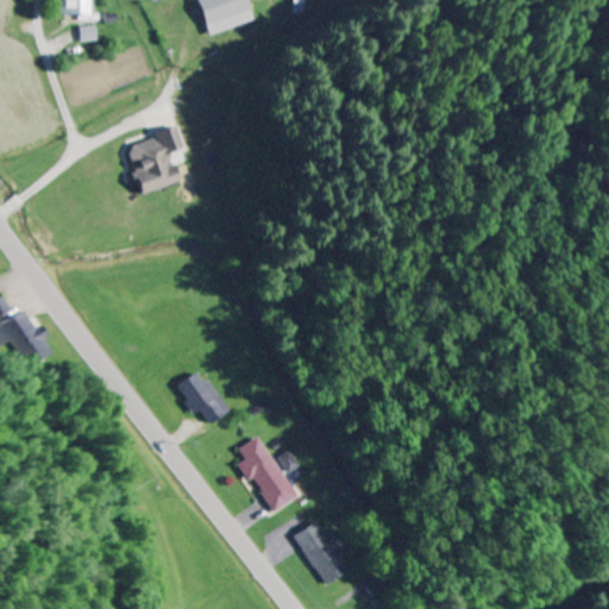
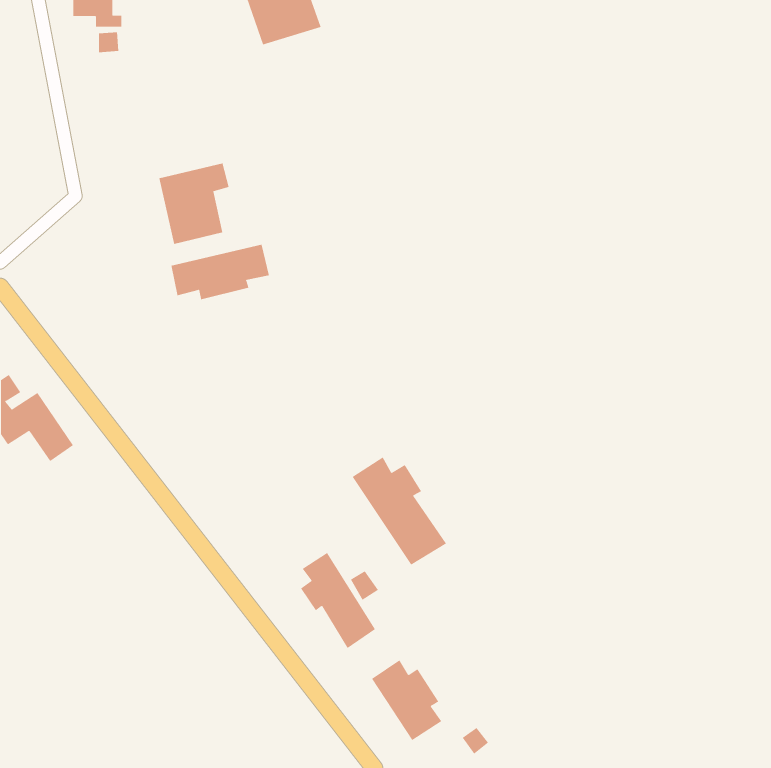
building: none -> [171,244,270,300]
building: none -> [352,457,447,566]
building: [176,371,230,422] -> none

